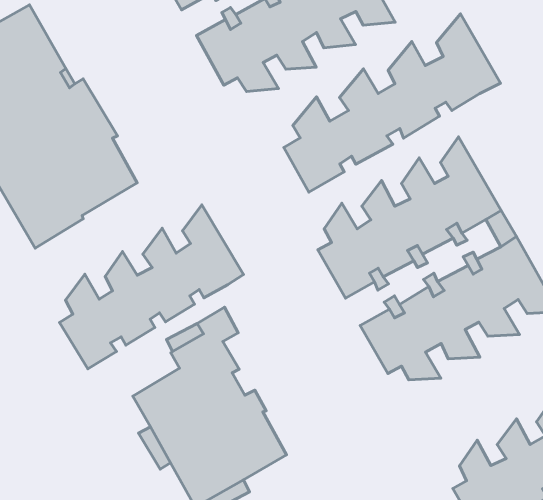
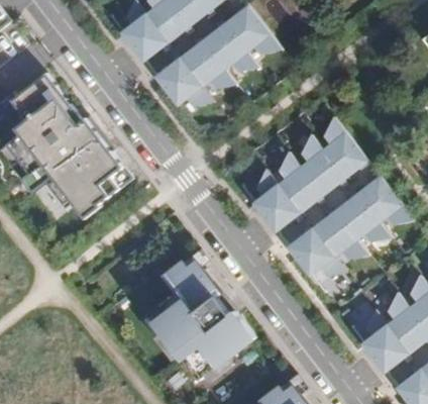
building: [284,14,500,192] -> none
building: [59,205,243,369] -> none

